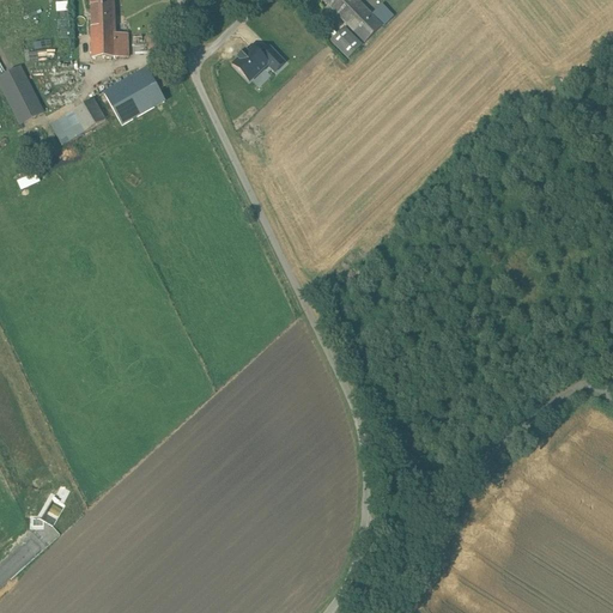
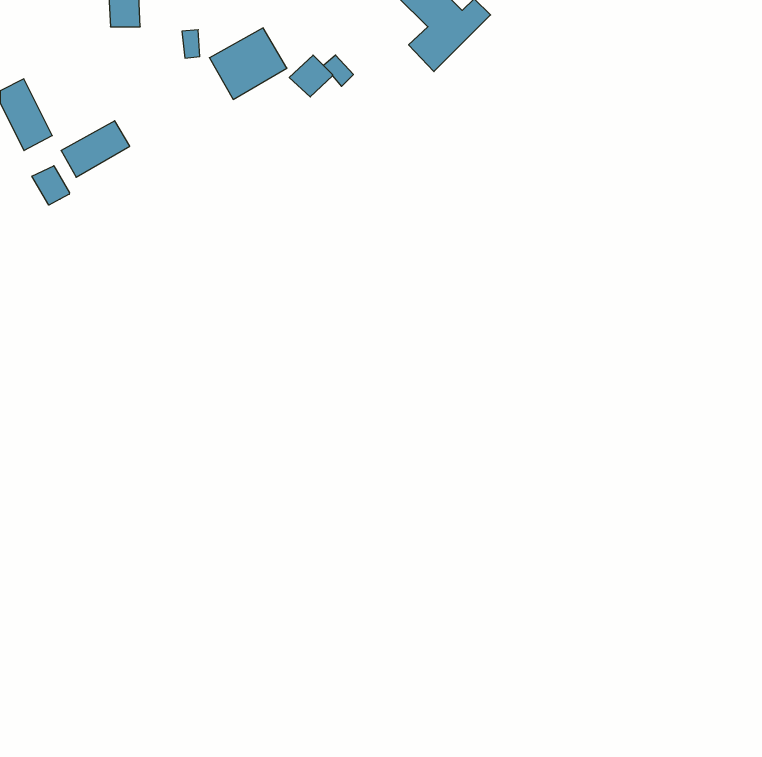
building: [89,20,127,55] -> none
building: [103,66,165,123] -> [209,28,287,99]
building: none -> [32,166,70,205]

